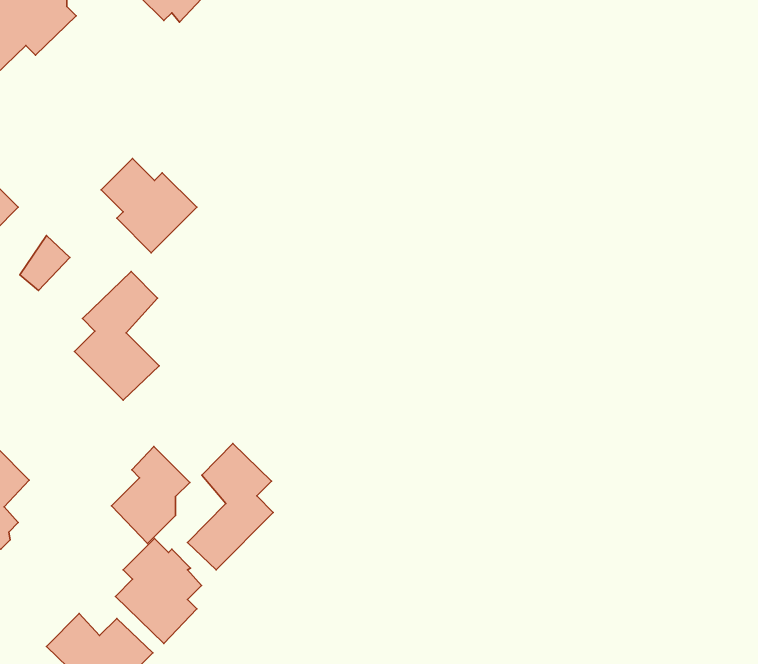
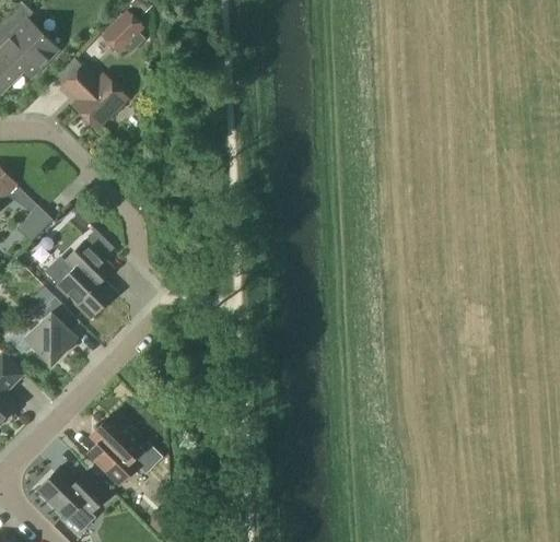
building: [101,159,197,253] -> [60,64,127,130]
building: [187,444,273,570] -> none
building: [111,446,190,544] -> [24,297,79,365]

